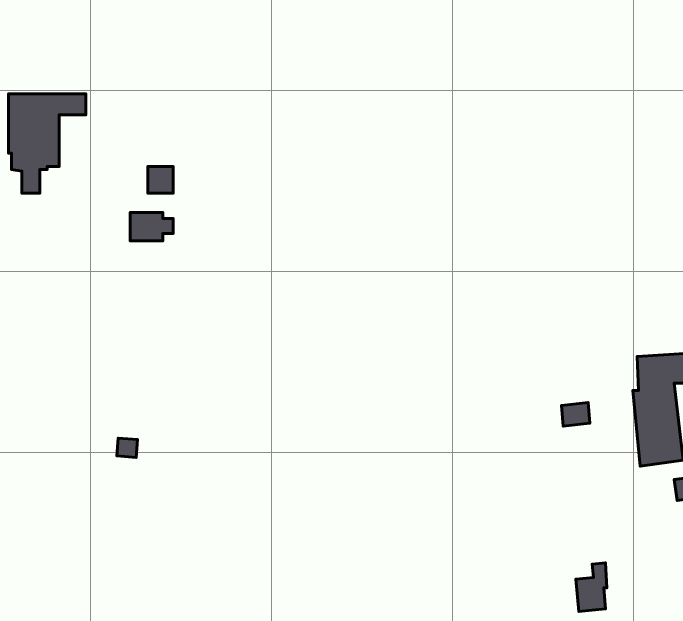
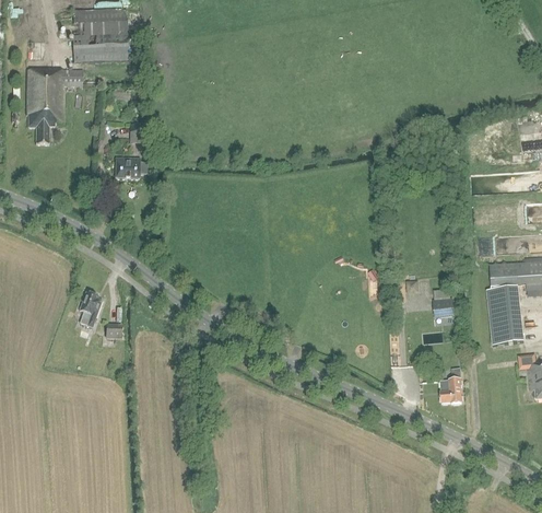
building: none -> [73,8,128,60]
building: none -> [79,291,101,326]
building: [576,563,607,612] -> [439,369,462,405]

